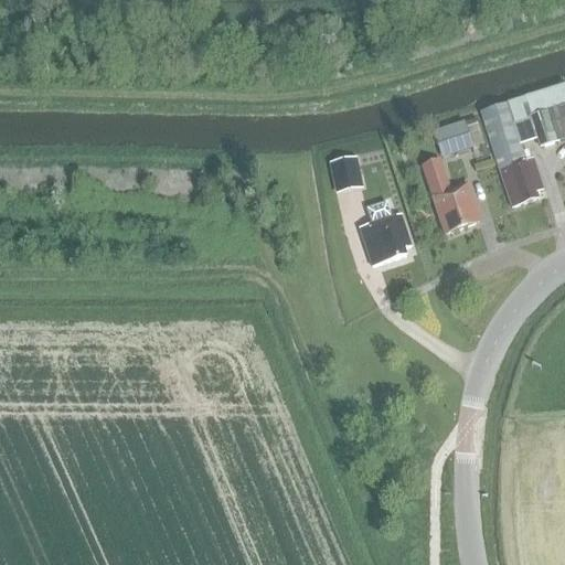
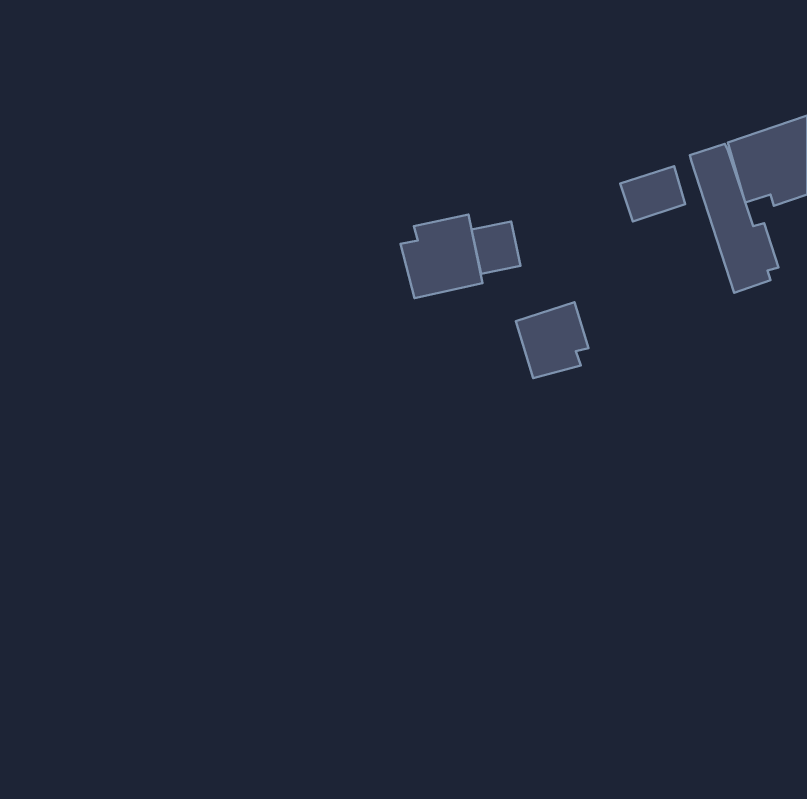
building: none -> [400,214,482,298]
building: [423,157,479,232] -> none

